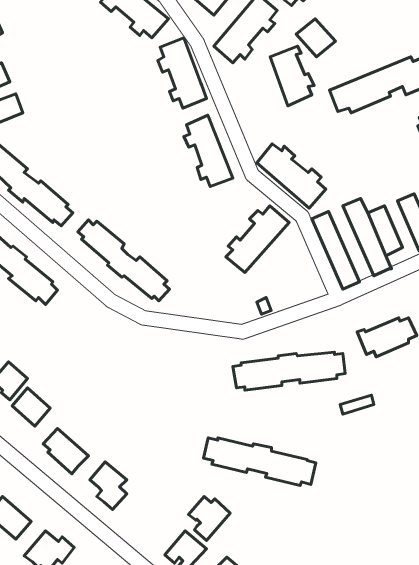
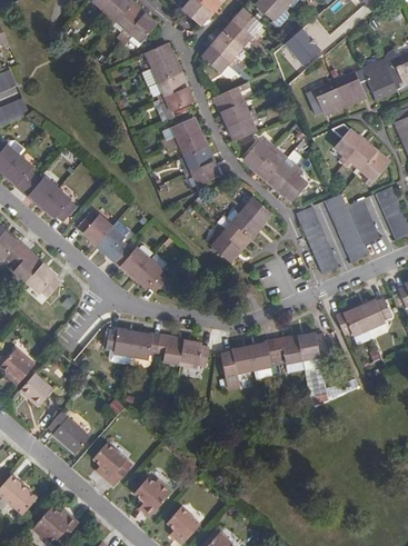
building: [270,46,314,106] -> [220,82,261,138]
building: none -> [337,131,390,186]
building: [203,438,316,486] -> [107,321,211,366]
building: [189,496,230,541] -> [130,474,169,515]

